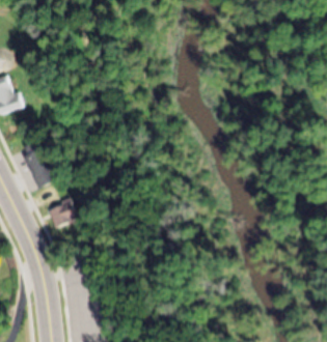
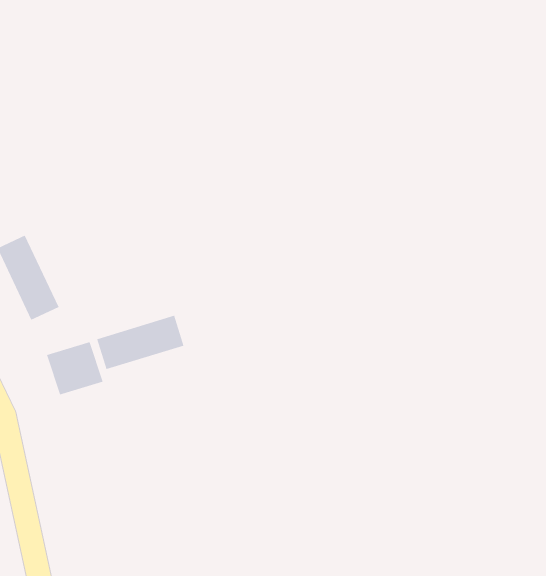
building: none -> [96,315,184,370]

